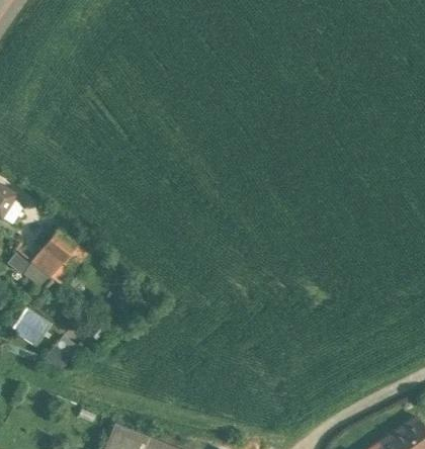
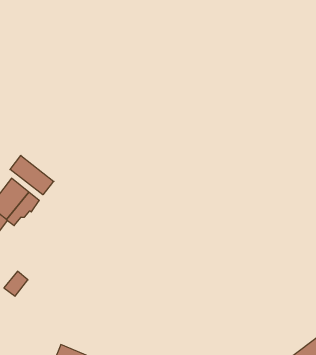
building: none -> [10,155,54,195]

